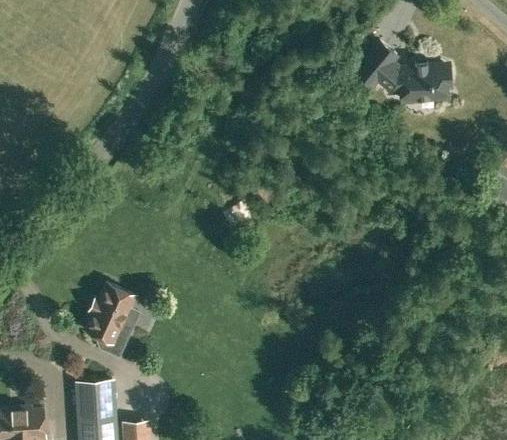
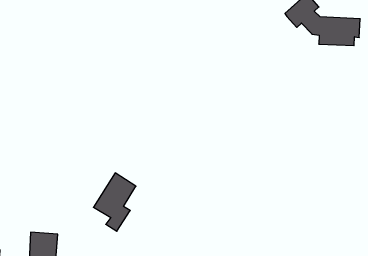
building: [85,284,134,356] -> [93,173,136,231]

